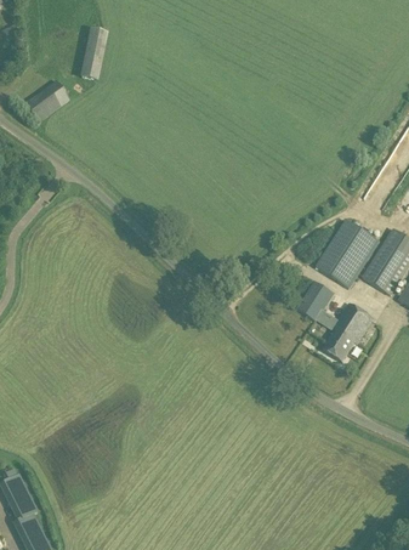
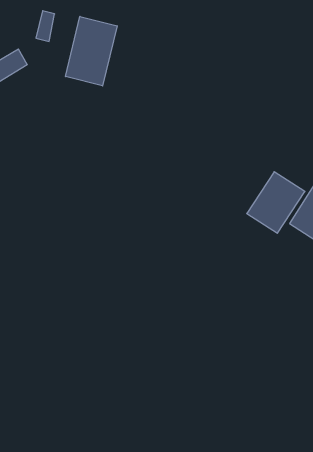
building: none -> [66,16,117,86]
building: [296,279,373,361] -> none

